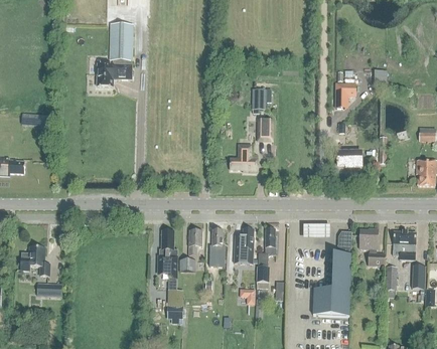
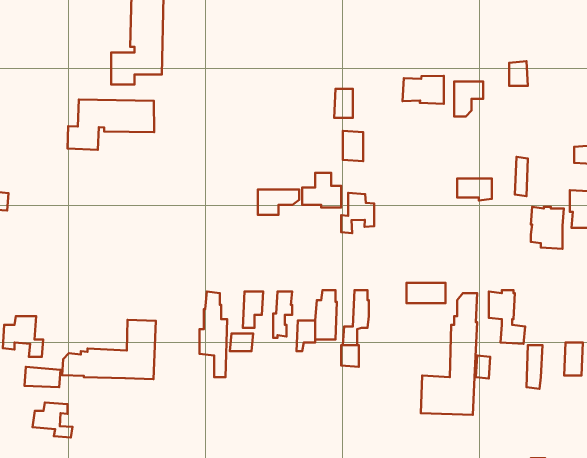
building: none -> [402,76,444,104]
building: none -> [67,100,154,150]
building: none -> [258,190,299,215]
building: none -> [341,193,374,233]
building: [393,230,416,259] -> [531,207,564,249]
building: none -> [62,320,156,379]
building: none -> [32,402,73,437]

